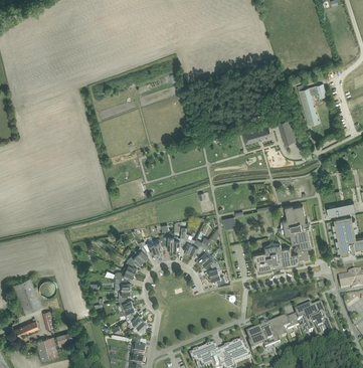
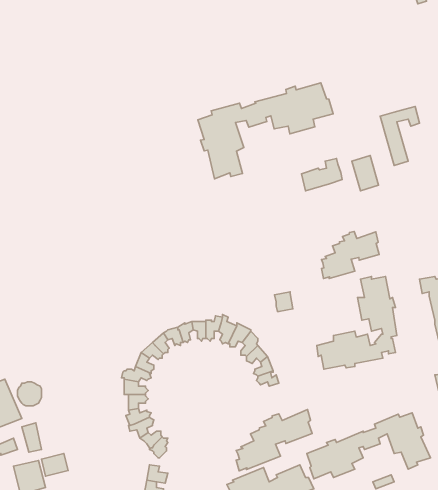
building: none -> [198,83,333,179]
building: none -> [321,231,379,279]
building: none -> [236,410,312,471]

